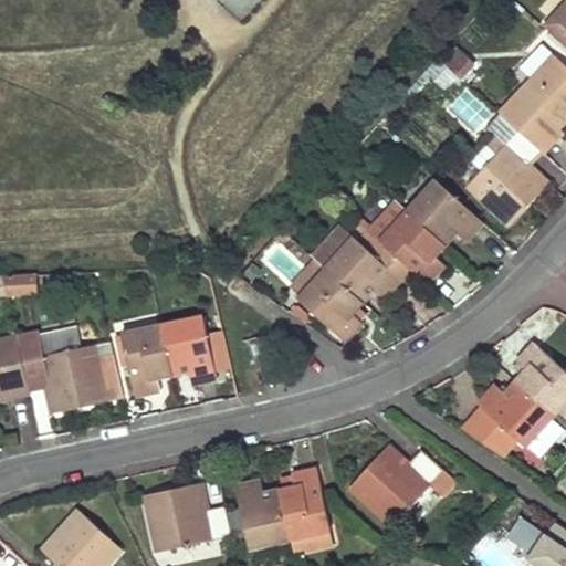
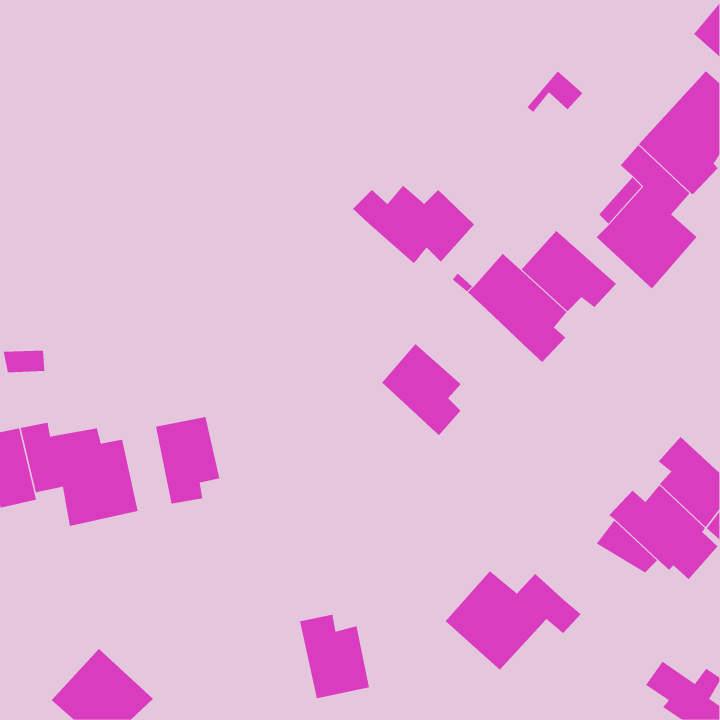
building: [313,239,409,301] -> [352,185,475,264]
building: [161,317,217,384] -> none
building: [280,469,332,553] -> none
building: [144,483,231,551] -> none

